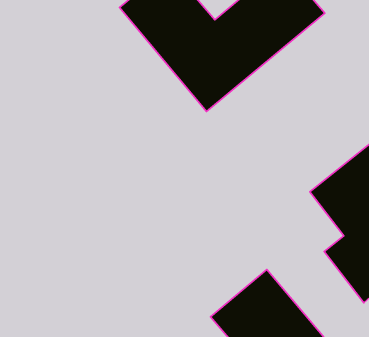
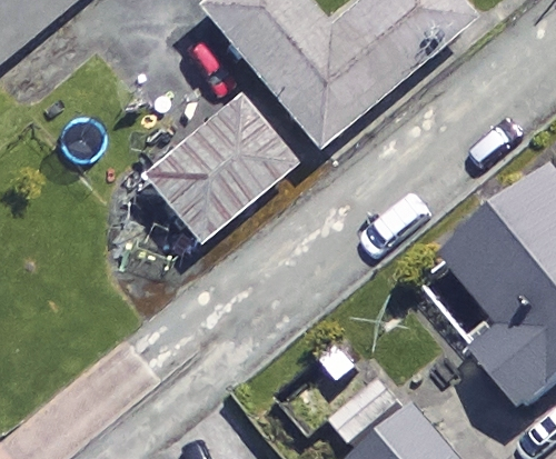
building: none -> [138,90,299,250]

